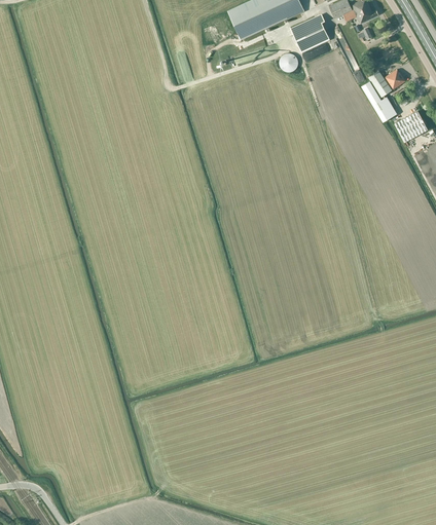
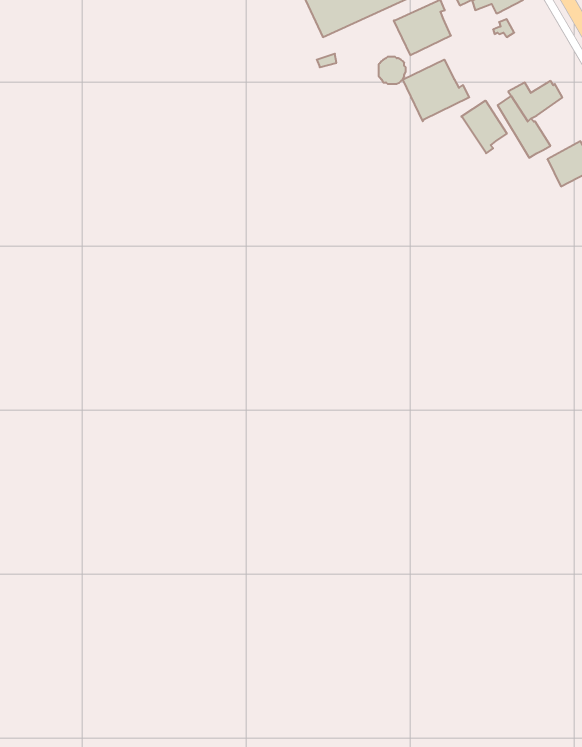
building: none -> [403,60,469,121]
building: none -> [461,101,507,153]

